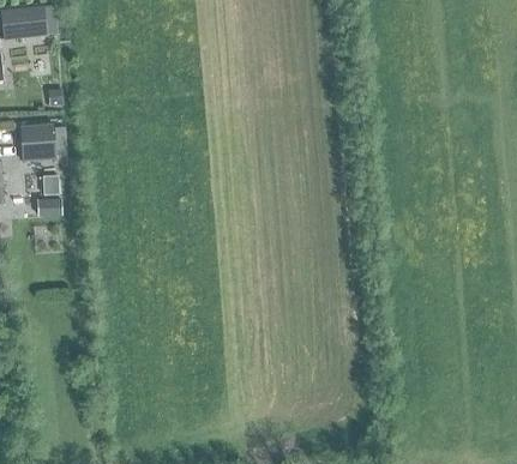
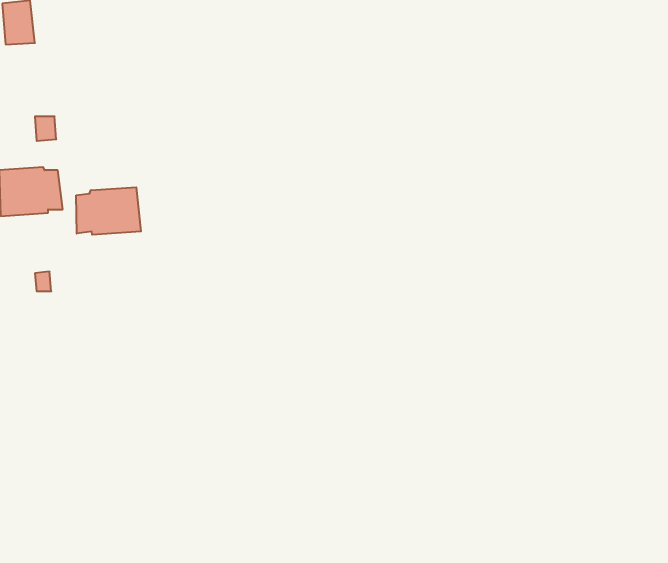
building: none -> [76,187,141,235]

